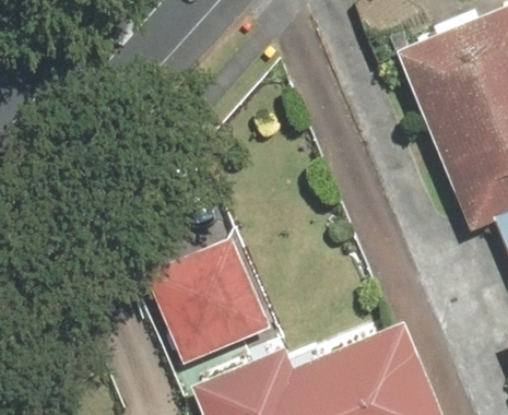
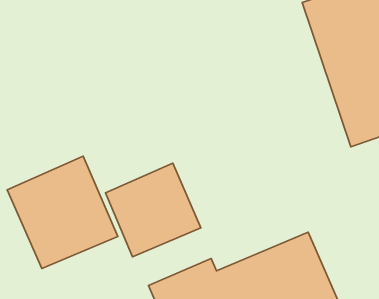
building: none -> [7,156,118,269]

